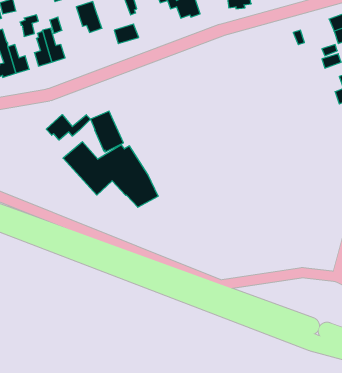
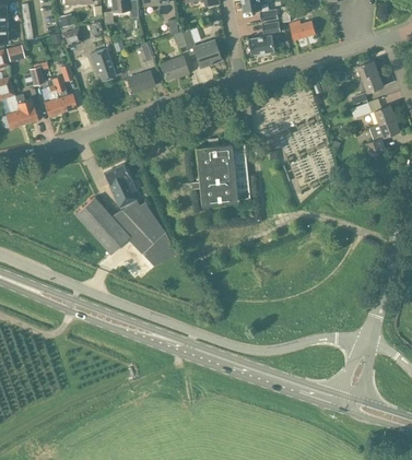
building: none -> [161,55,189,80]
building: none -> [180,139,250,205]
building: [46,115,91,140] -> none

